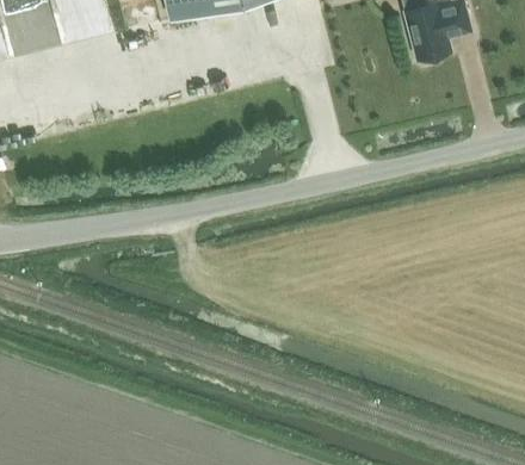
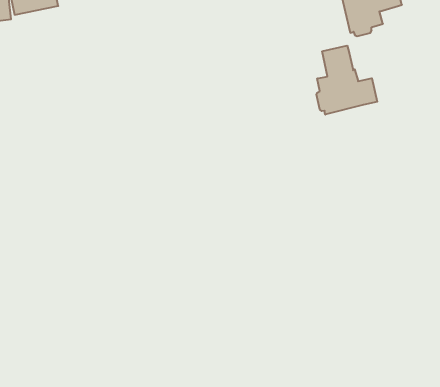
building: none -> [316,46,377,115]

